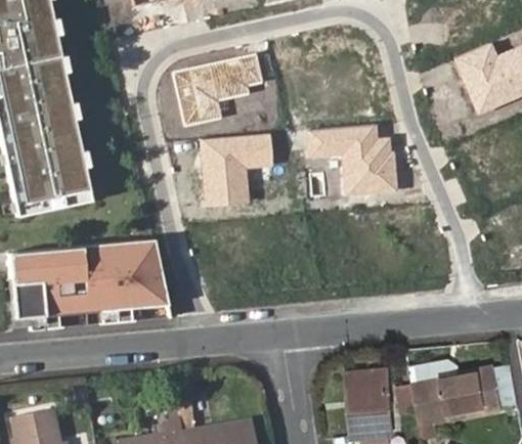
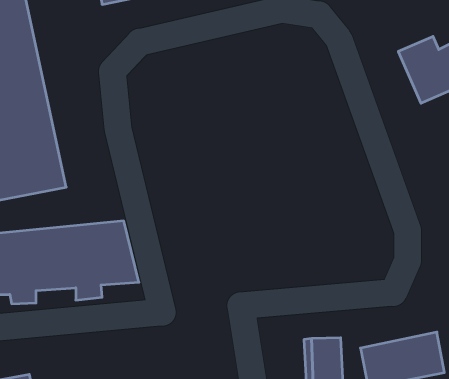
building: [171,53,260,127] -> none
building: [301,123,392,194] -> none
building: [195,133,271,208] -> none

